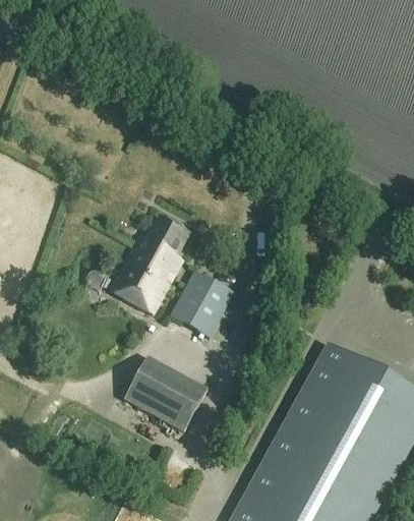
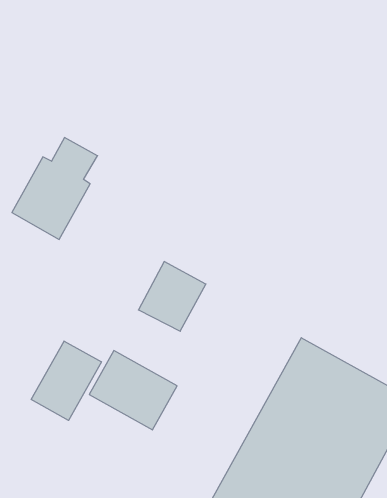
building: [108,217,189,313] -> [12,138,98,239]
building: none -> [31,341,101,420]

